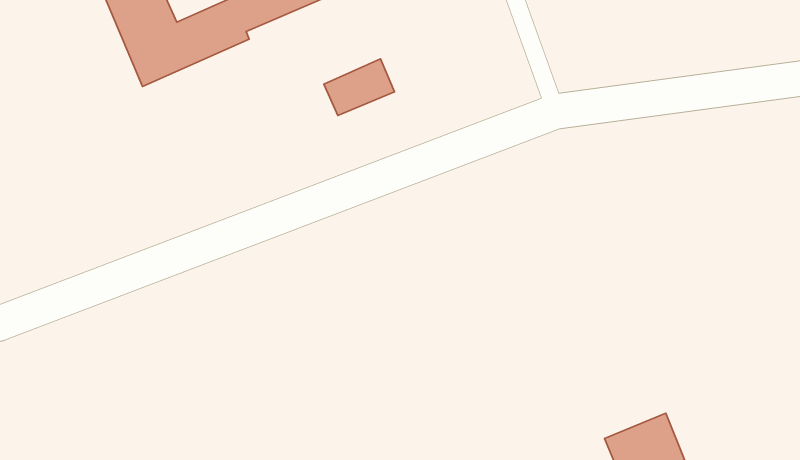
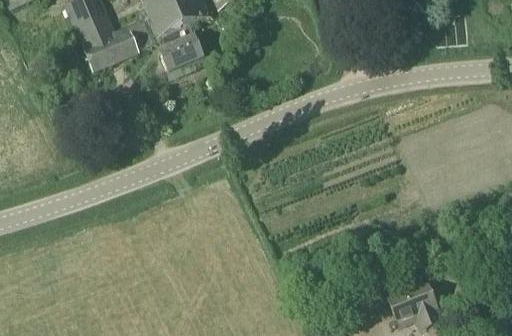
building: [324,59,394,115] -> [157,34,202,70]

